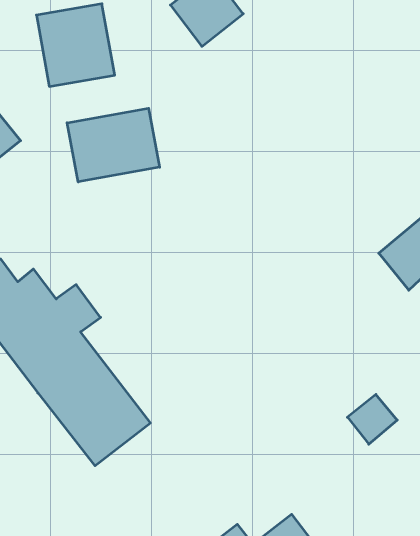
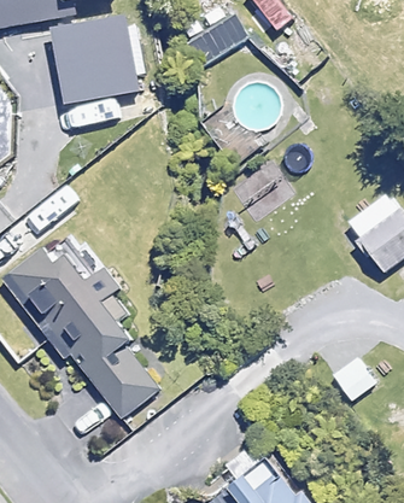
building: [67,108,160,182] -> none

